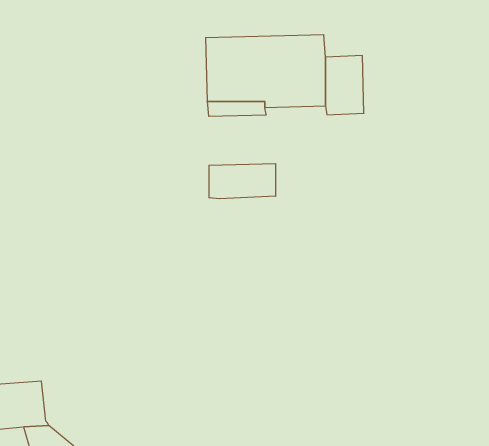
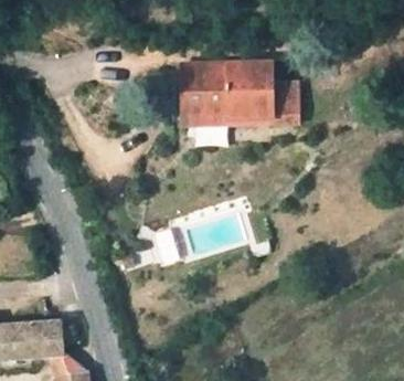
building: [209,164,276,199] -> none

